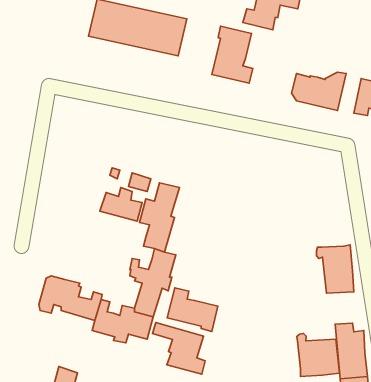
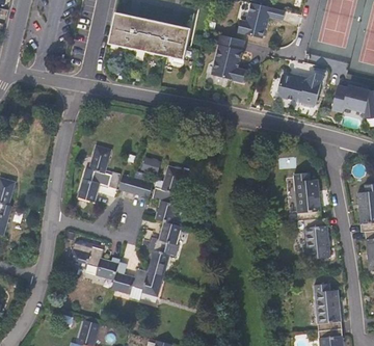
building: none -> [77,144,121,202]
building: none -> [287,172,321,220]
building: [167,288,218,331] -> none
building: [153,323,205,374] -> none
building: [297,333,340,377] -> none

